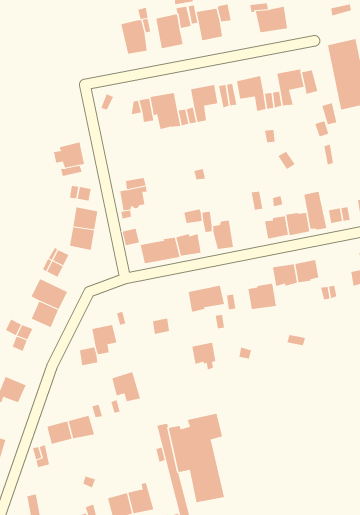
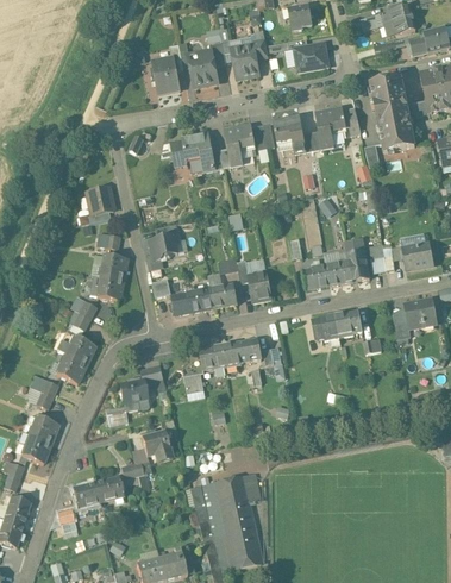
building: [248,283,277,310] -> none
building: [192,342,216,370] -> [200,345,226,375]
building: none -> [29,415,58,444]

